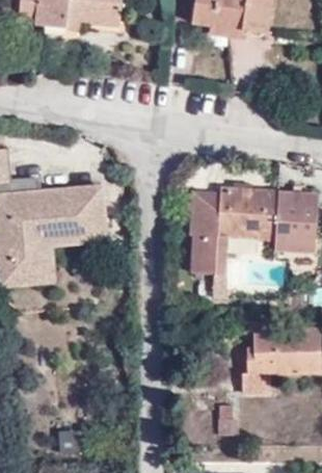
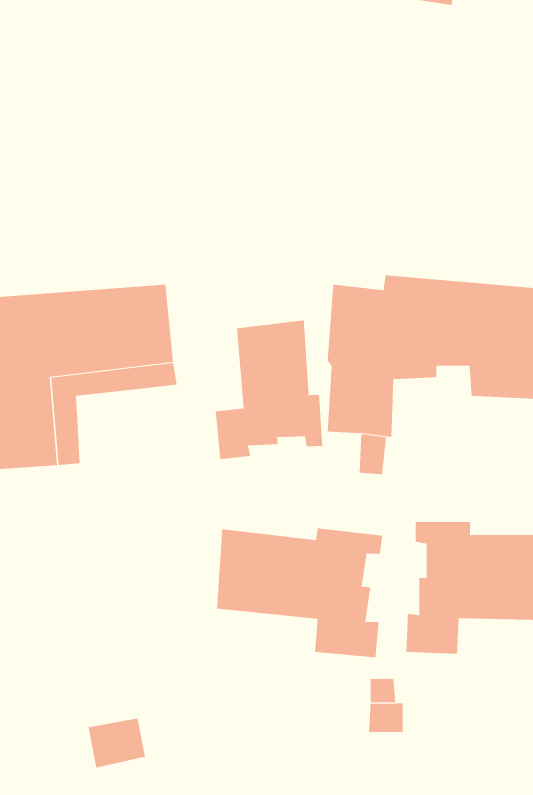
building: none -> [215,319,323,460]
building: none -> [217,527,383,658]

